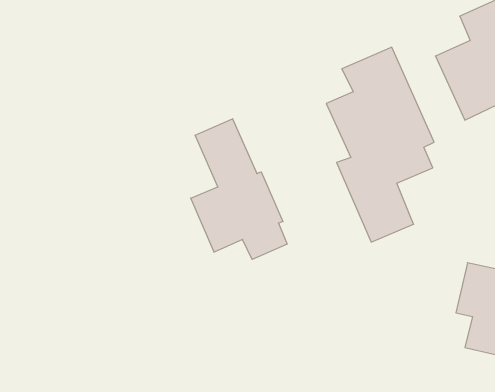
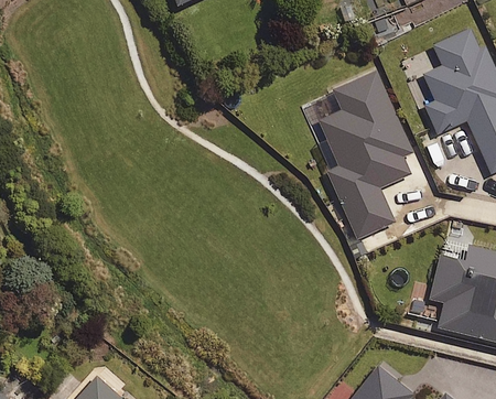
building: [191,119,287,259] -> none

